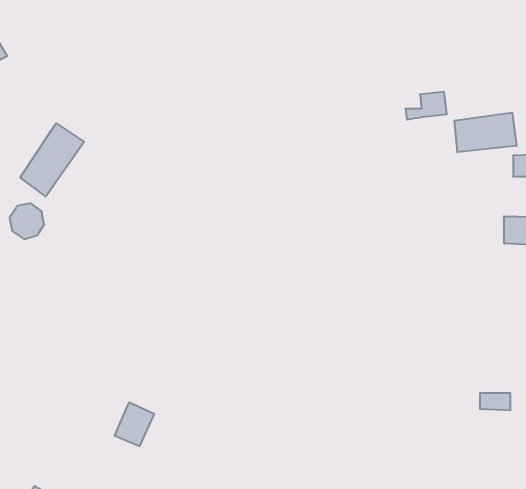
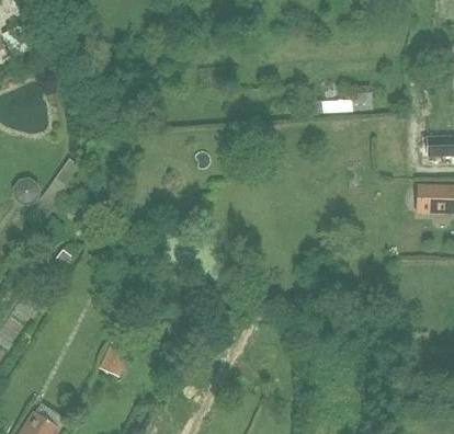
building: [454,113,516,152] -> none
building: [20,123,84,196] -> none

